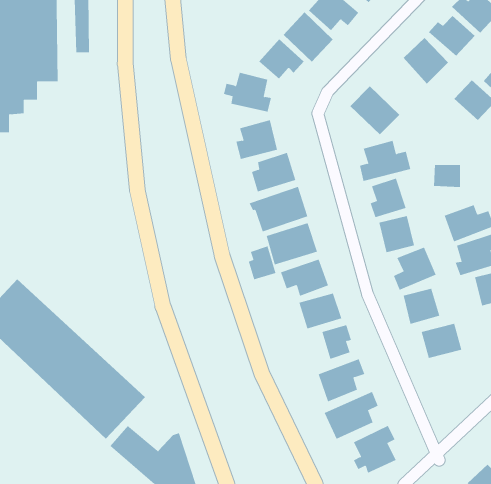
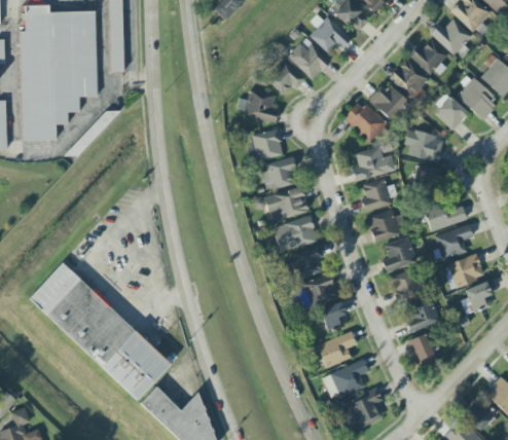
building: none -> [368,85,406,119]
building: none -> [404,130,444,161]
building: [248,245,276,280] -> none
building: none -> [407,333,435,366]

